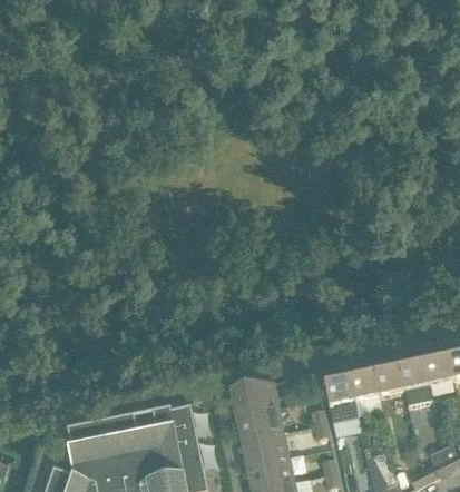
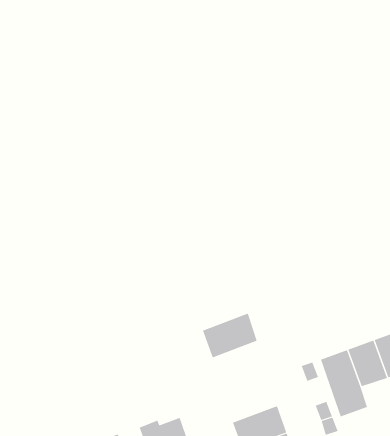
building: [229,382,277,417] -> [202,313,257,358]

